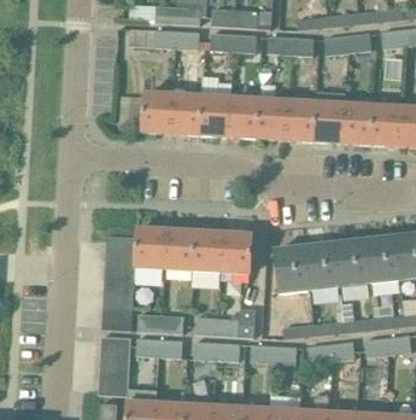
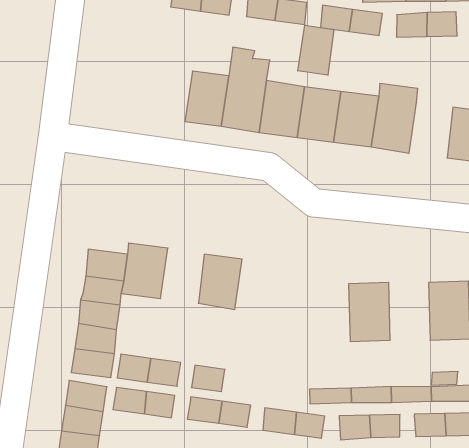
building: none -> [298,25,334,75]
building: [119,92,174,133] -> none
building: [342,104,373,144] -> none
building: [164,229,194,269] -> none
building: [221,233,253,273] -> none
building: [335,239,370,285] -> none
building: [274,245,310,292] -> none
building: [216,308,254,337] -> none

